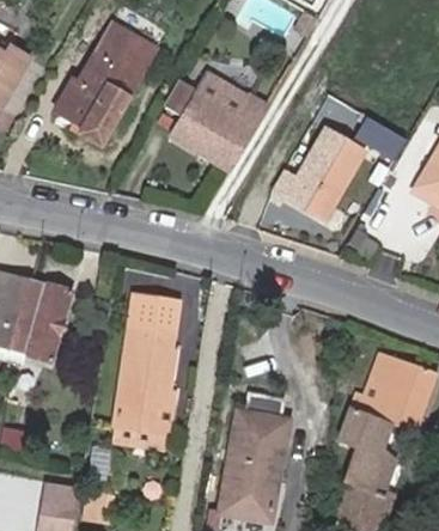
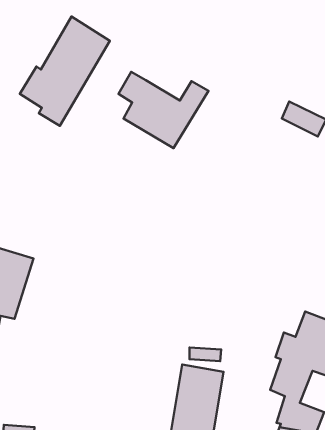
building: [197,71,249,115] -> none
building: [273,129,365,216] -> none
building: [109,292,181,450] -> none

